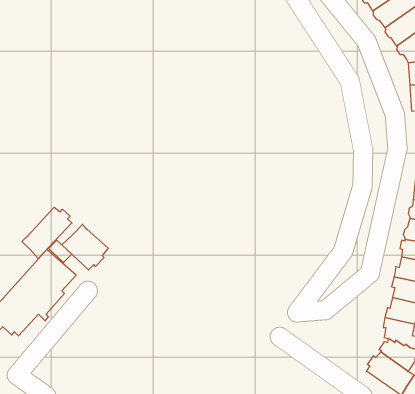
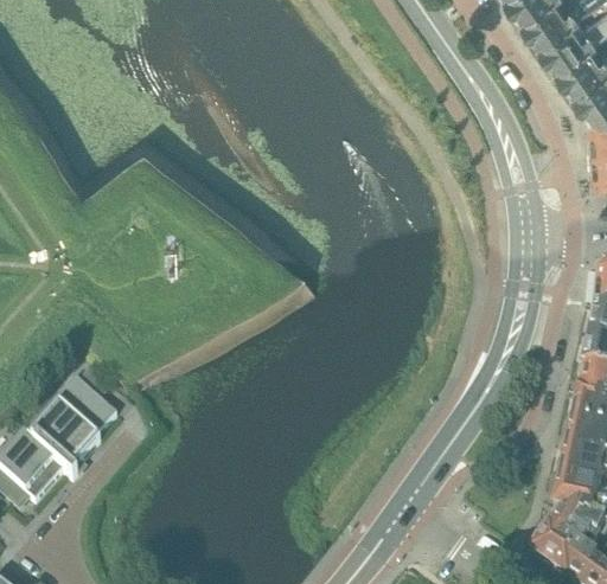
building: [22,207,72,259] -> none
building: [62,224,108,270] -> none

